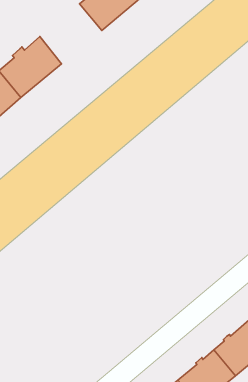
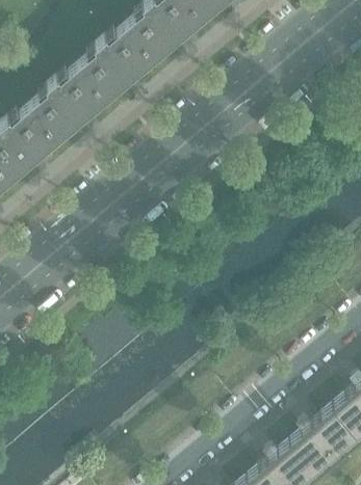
building: none -> [79,28,154,101]

